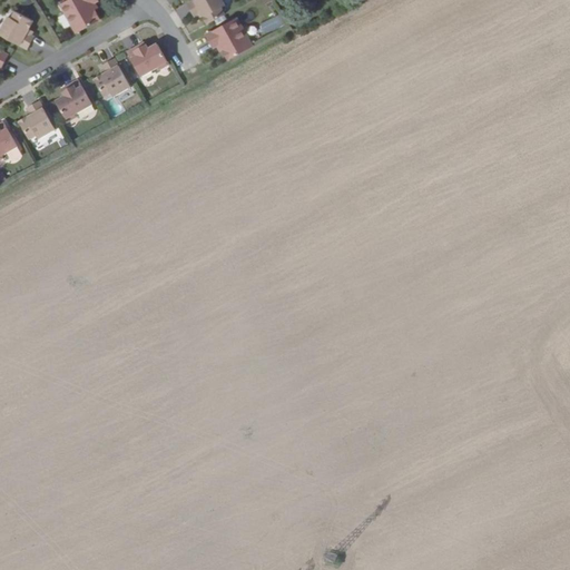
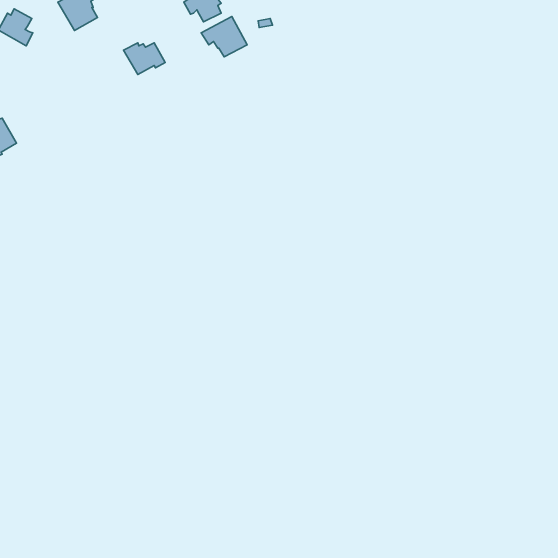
building: [94,58,130,96] -> none
building: [56,78,91,120] -> none
building: [19,100,55,138] -> none

